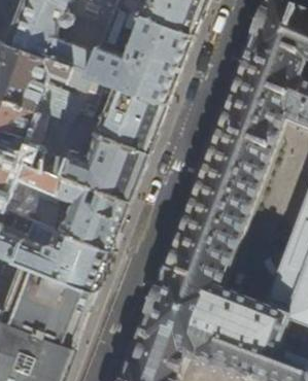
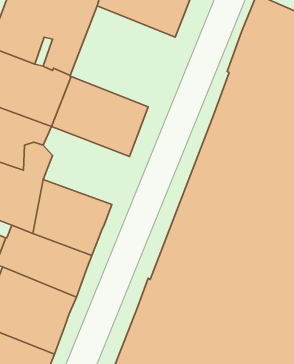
building: [85,7,190,107] -> none
building: [59,127,144,204] -> none

